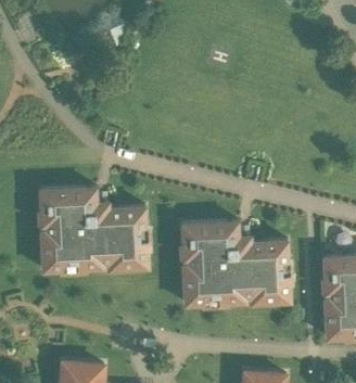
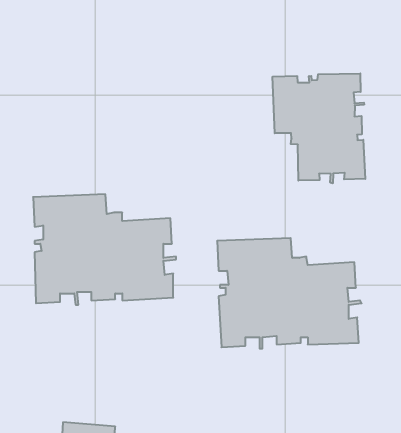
building: none -> [273,73,365,183]

